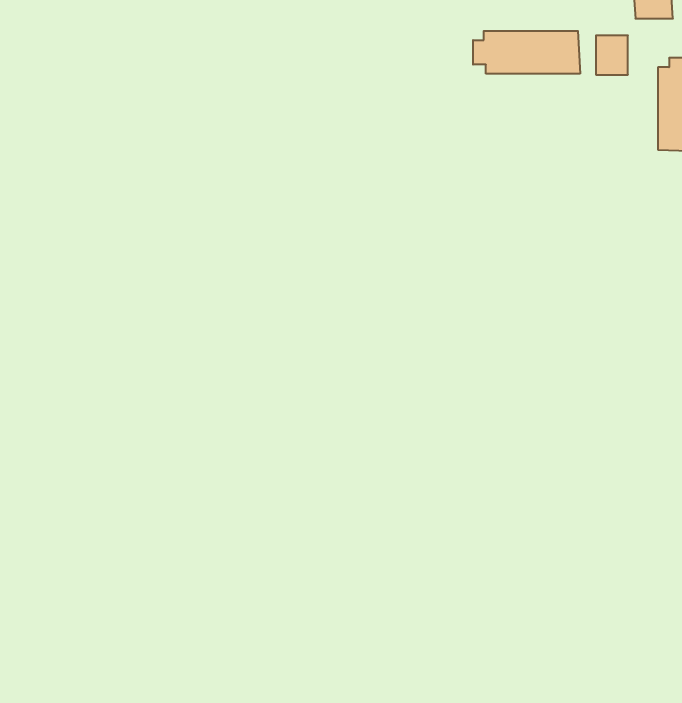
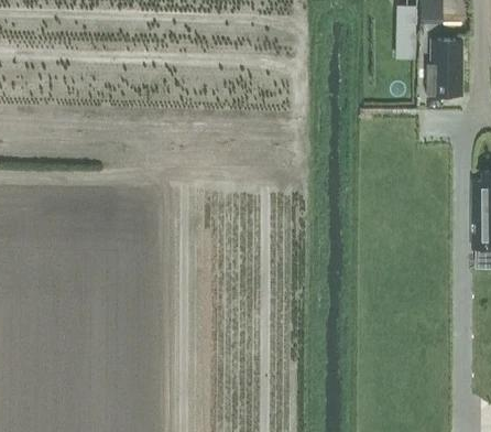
building: [473,31,580,74] -> none

